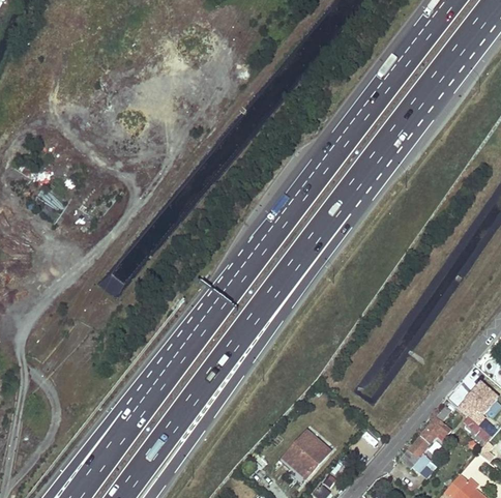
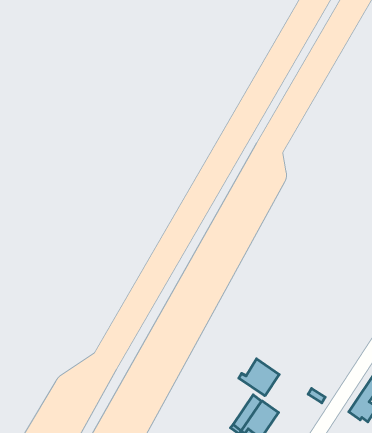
building: none -> [239,359,279,396]

